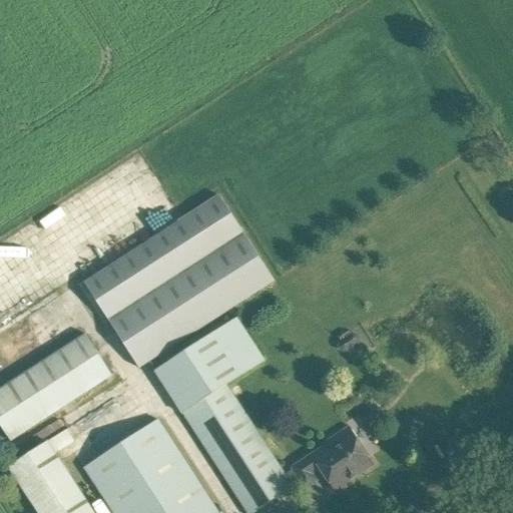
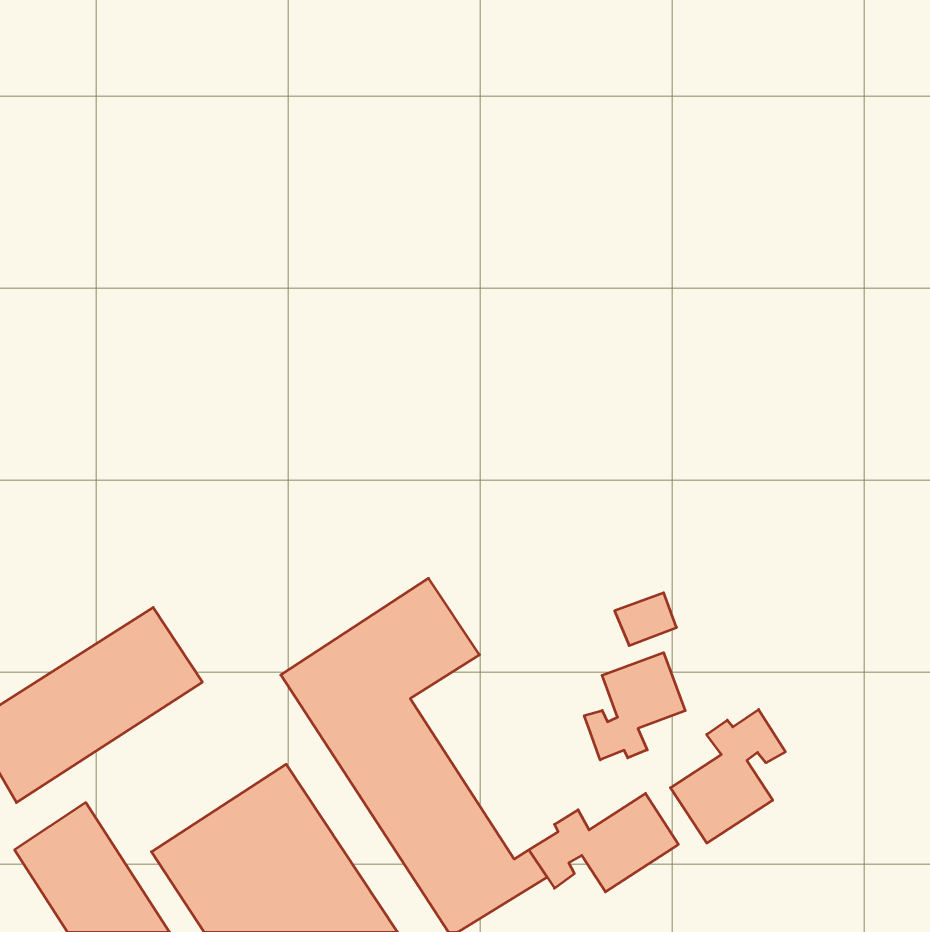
building: [83,194,274,368] -> none
building: none -> [584,653,685,760]
building: none -> [670,709,785,843]

